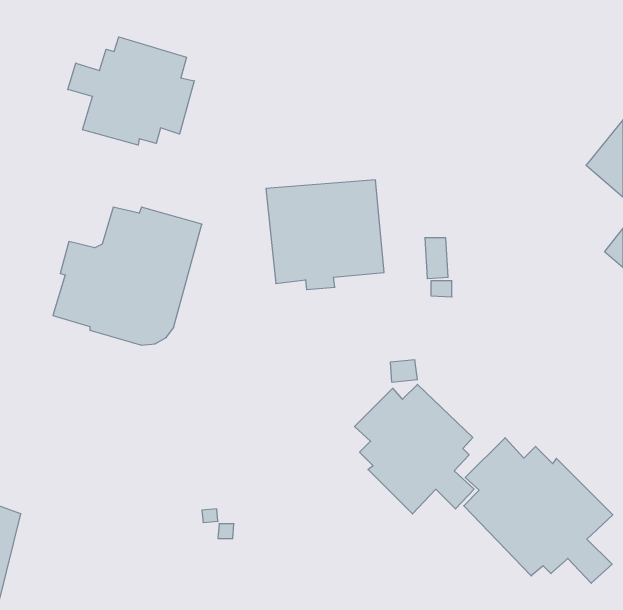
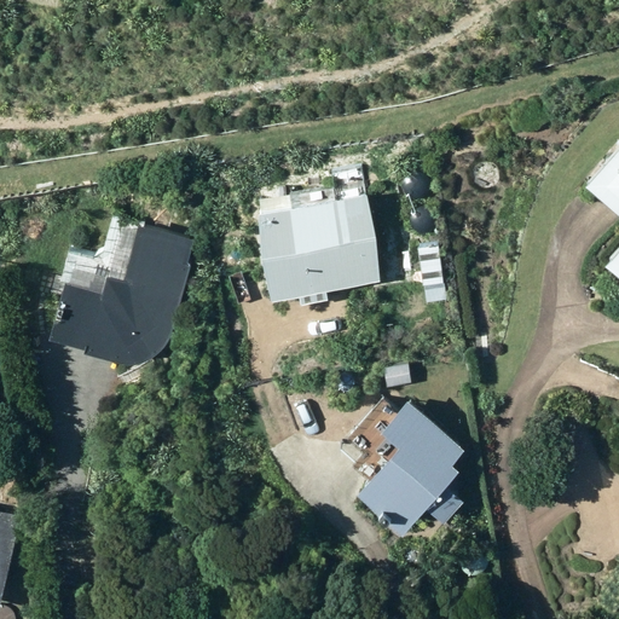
building: [68,37,194,145] -> none
building: [464,438,613,583] -> none

